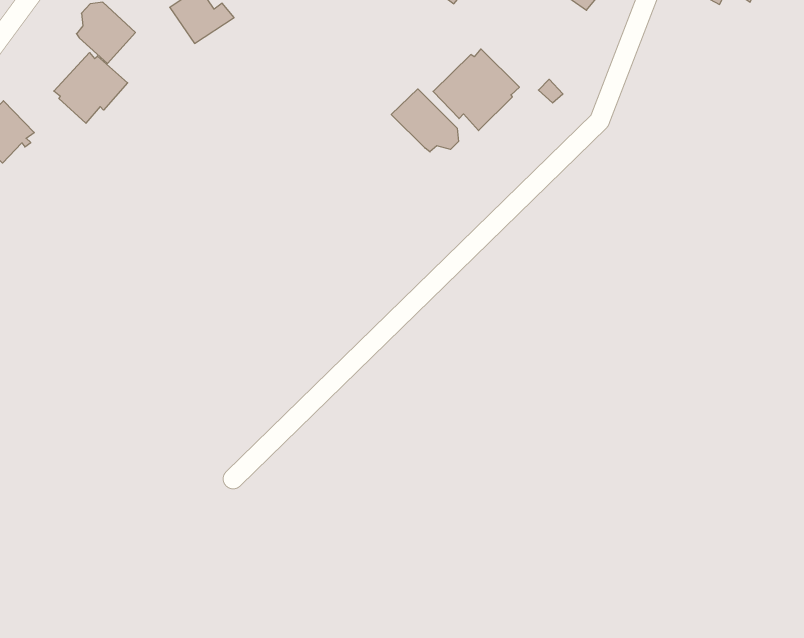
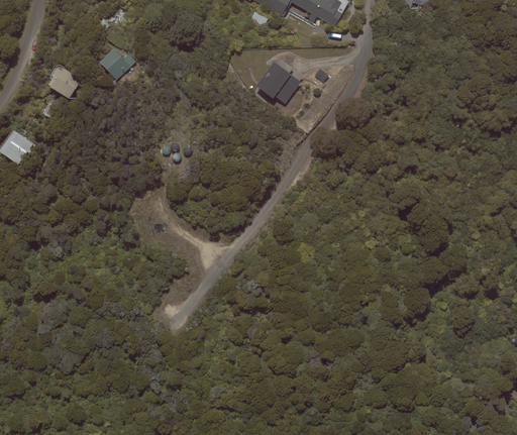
building: [54,53,128,123] -> none
building: [391,89,458,152] -> none

